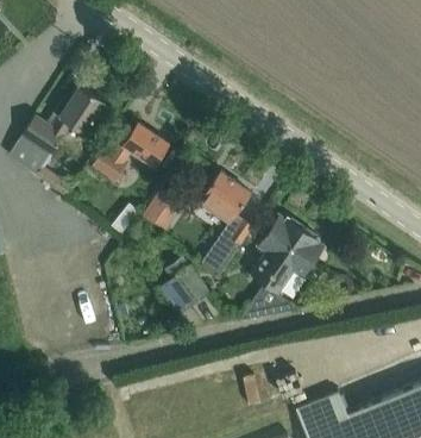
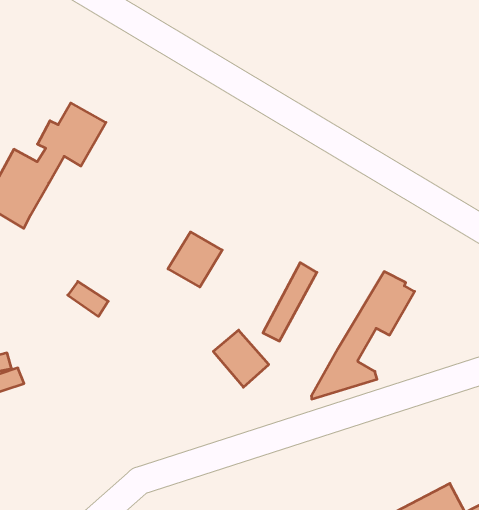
building: [92,124,168,182] -> none
building: [197,170,252,226] -> none
building: [249,217,302,286] -> none

